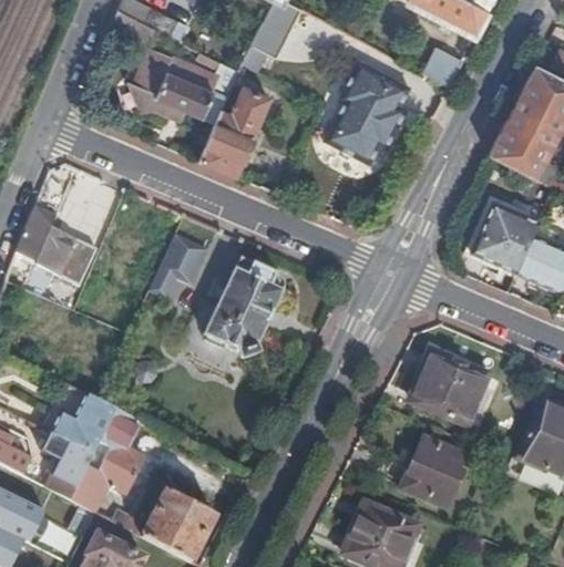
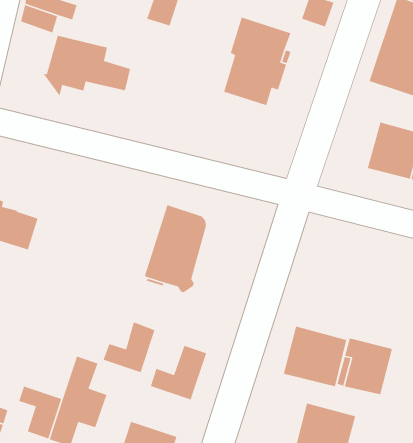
building: [199,86,269,177] -> none
building: [151,234,211,298] -> none
building: [412,349,490,424] -> [283,326,347,387]
building: [52,395,116,454] -> [102,321,155,373]
building: none -> [150,345,207,400]

